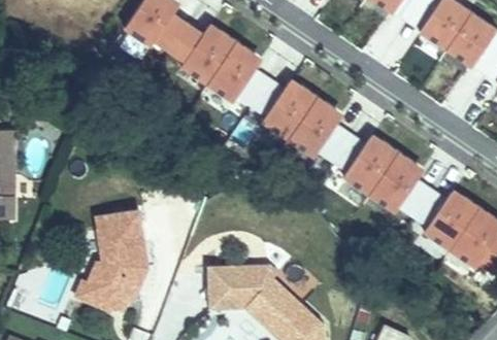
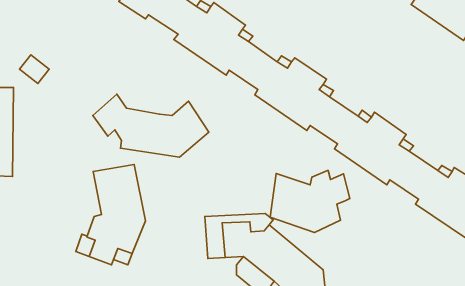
building: none -> [93,94,209,157]
building: none -> [270,170,350,233]

